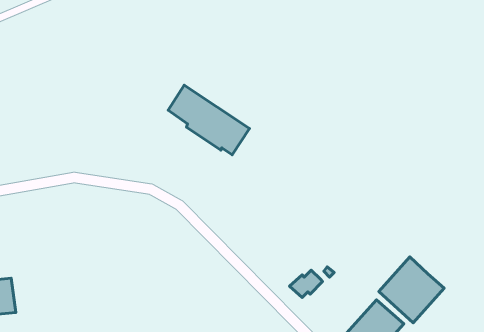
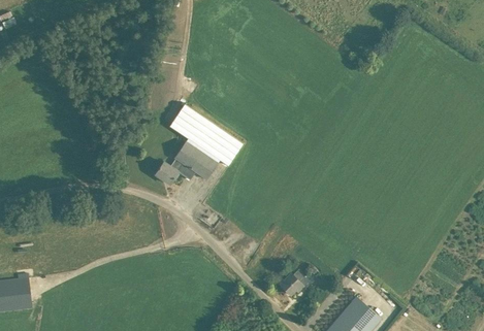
building: none -> [154,140,216,185]
building: [379,257,444,323] -> none

